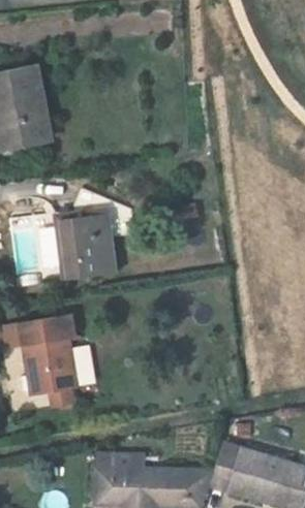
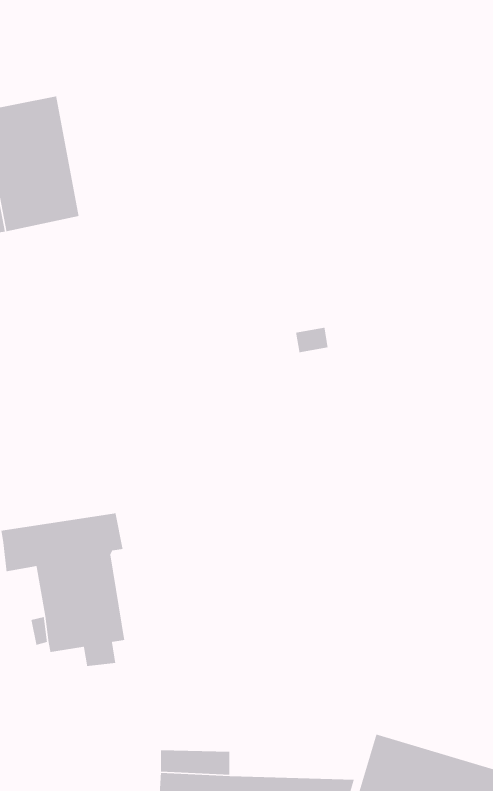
building: [56,188,133,281] -> none

